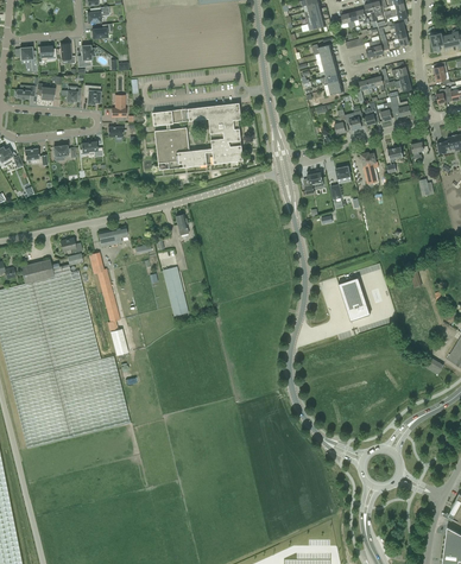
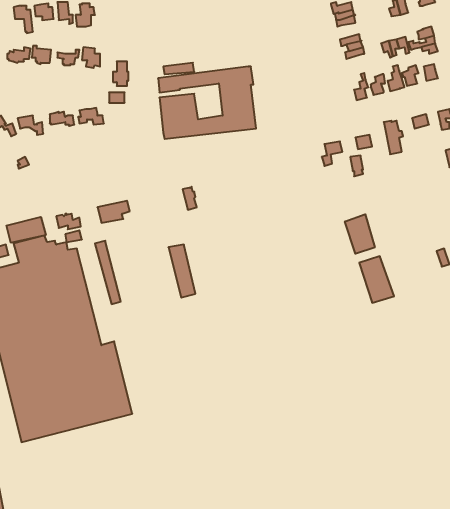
building: none -> [345,214,375,254]
building: none -> [6,217,46,243]

